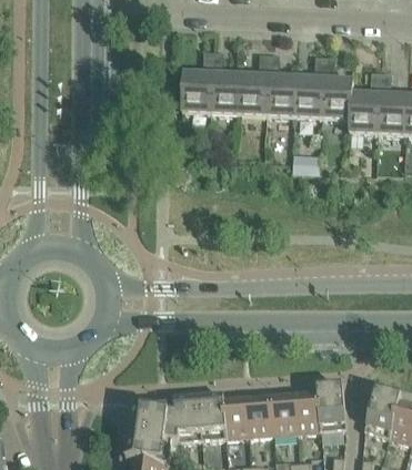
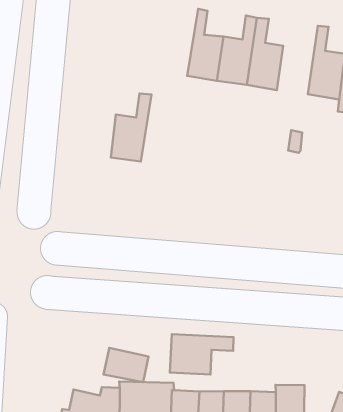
building: [182,50,214,112] -> [111,94,152,162]
building: [293,54,325,119] -> none
building: none -> [170,334,233,374]
building: none -> [104,348,148,382]

